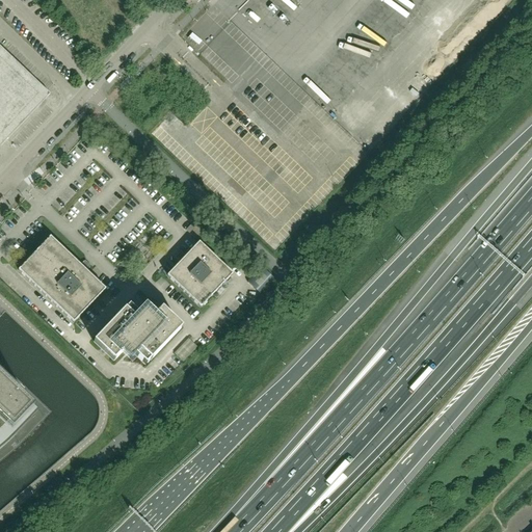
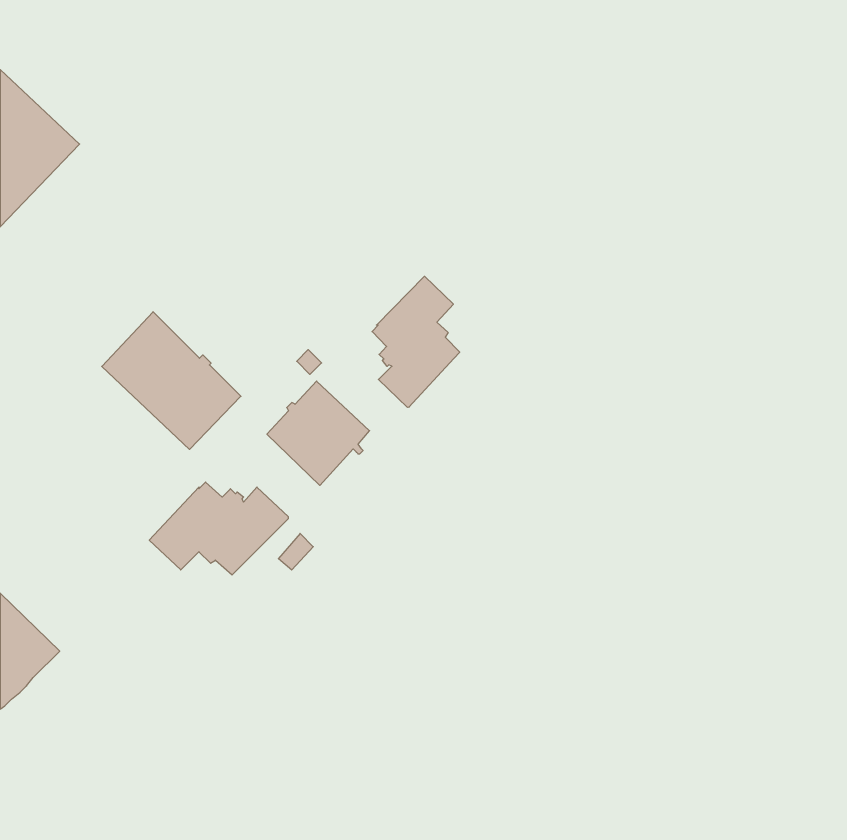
building: none -> [372,276,460,407]
building: [18,233,105,319] -> [102,312,241,449]

